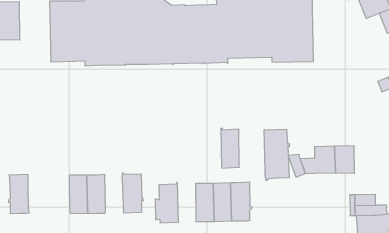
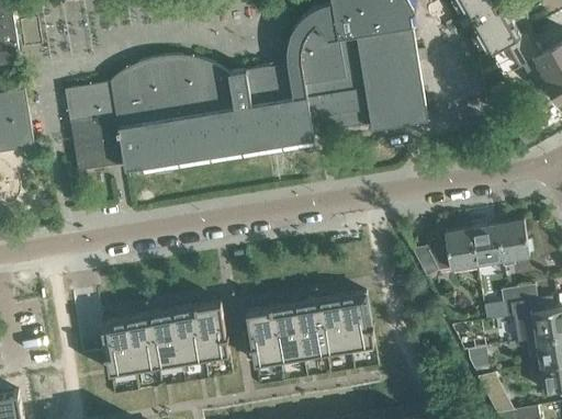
building: [221,128,239,168] -> [270,306,302,361]
building: [264,129,289,181] -> none
building: none -> [497,222,532,269]
building: none -> [172,306,204,362]
building: [8,175,29,213] -> [100,319,134,374]

